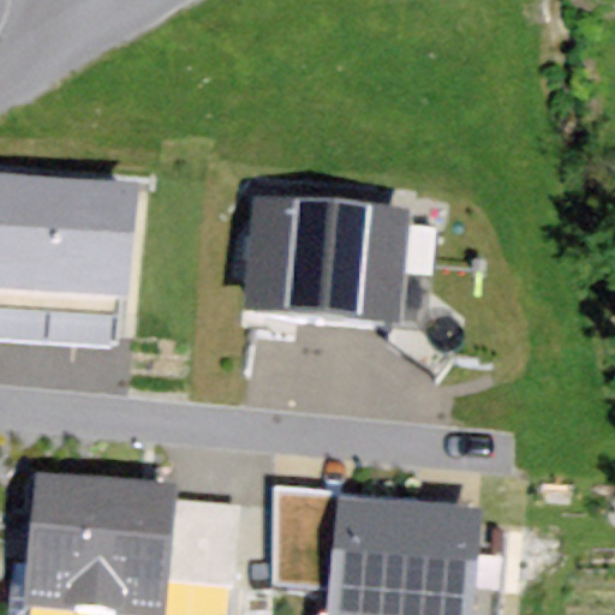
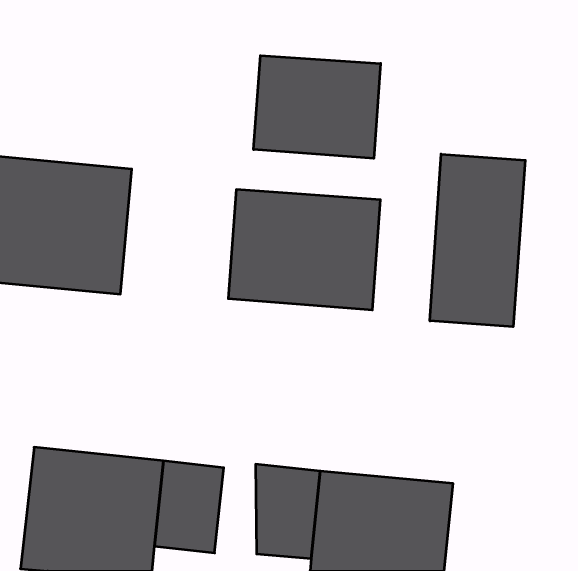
building: none -> [254,56,381,158]
building: none -> [430,154,525,327]

